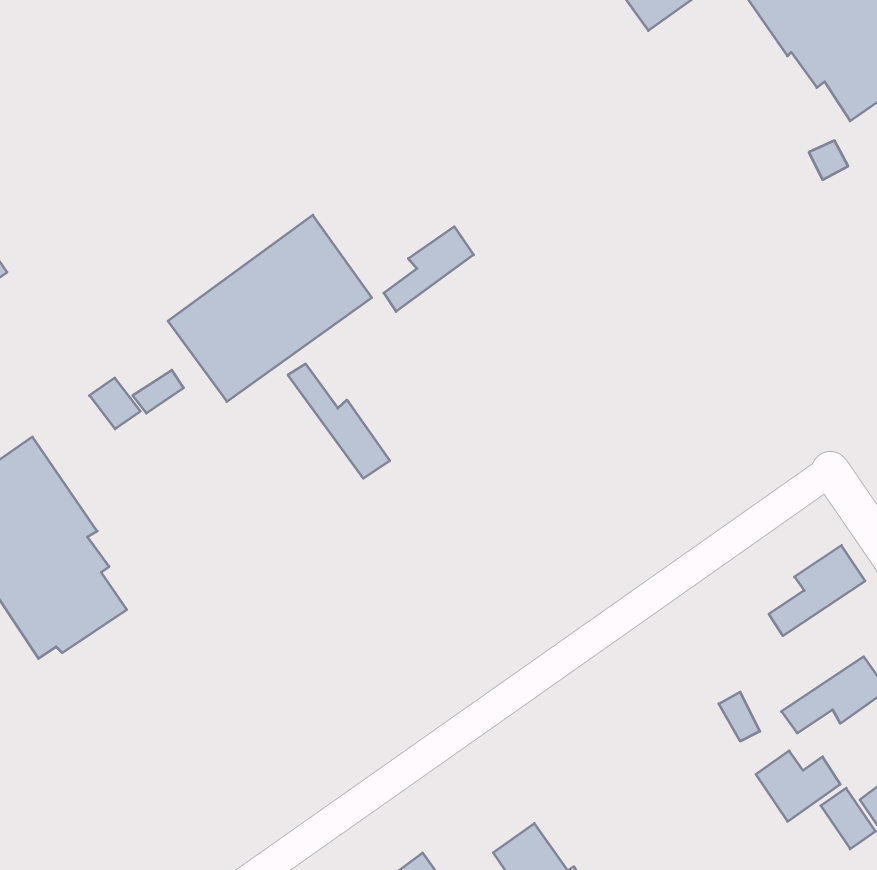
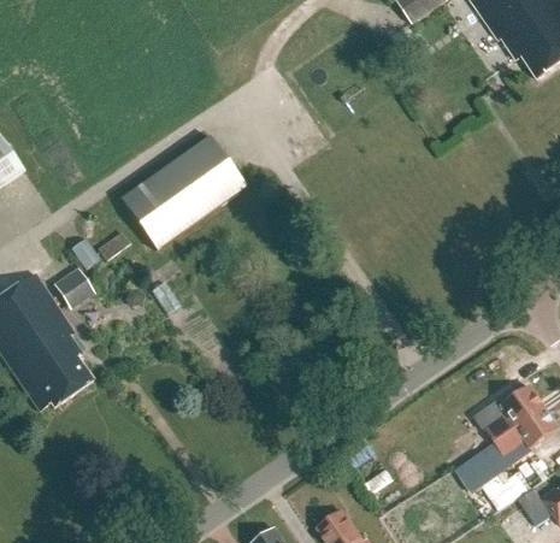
building: [384,227,474,312] -> none
building: [288,364,390,478] -> none
building: none -> [53,270,94,312]
building: [769,545,865,636] -> [487,385,546,441]

